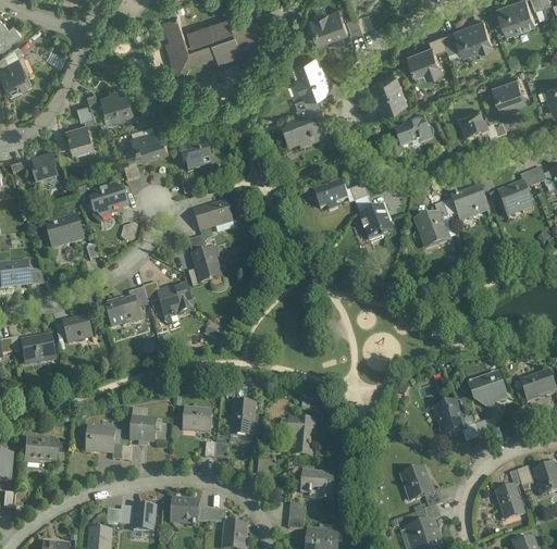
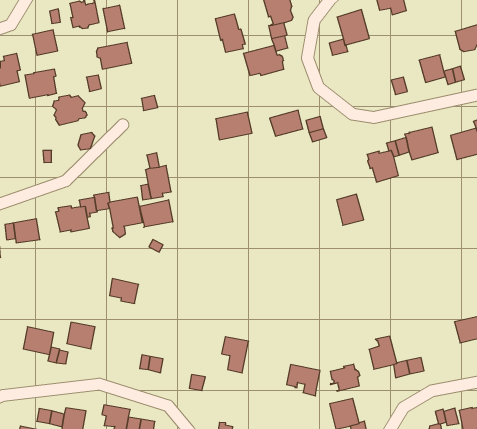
building: none -> [215,14,245,52]
building: none -> [103,5,125,32]
building: [394,118,431,146] -> none
building: [182,142,213,172] -> none
building: [194,201,232,232] -> [216,112,252,140]
building: [363,205,393,238] -> [337,194,364,225]
building: [47,215,81,247] -> [25,69,57,98]
building: none -> [140,200,173,227]
building: [471,373,505,401] -> none
building: [230,401,255,437] -> none
building: [183,408,211,431] -> [110,279,139,303]
building: none -> [330,364,360,391]
building: [300,471,333,500] -> [287,365,320,396]

